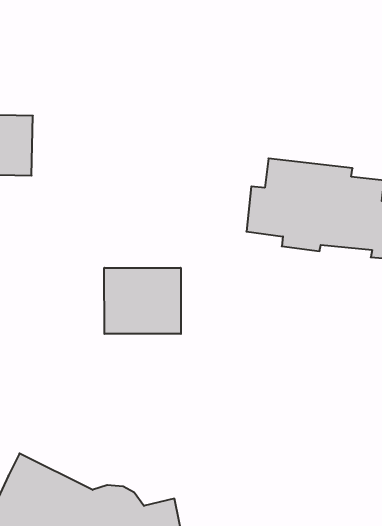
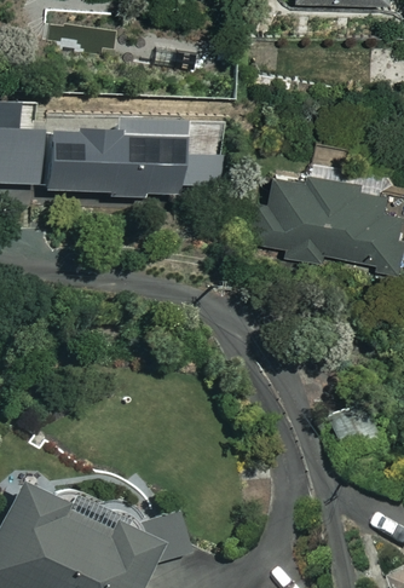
building: none -> [46,121,219,206]
building: [104,268,181,334] -> none

